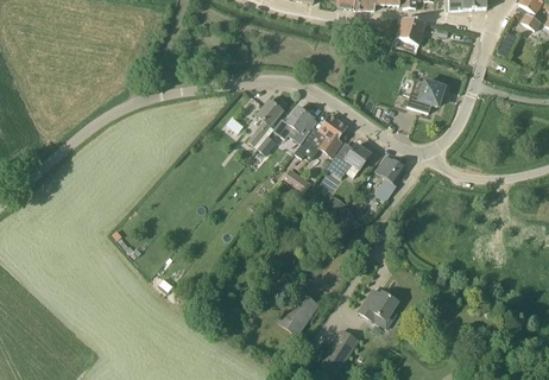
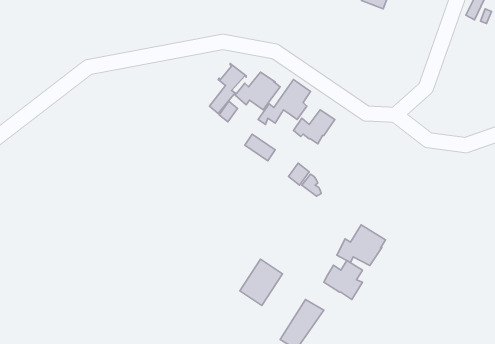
building: [405,80,443,113] -> none
building: [374,154,404,200] -> none
building: none -> [337,225,385,265]

